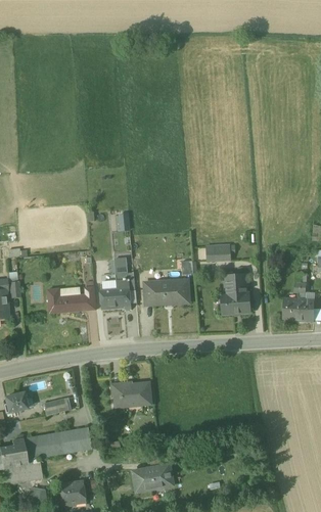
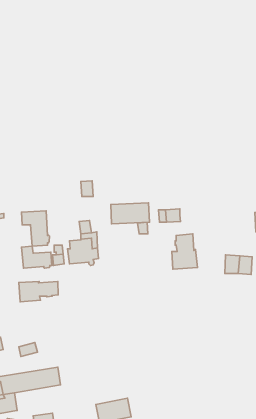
building: none -> [22,211,50,246]
building: [144,279,189,304] -> [111,203,150,224]
building: none -> [19,281,58,302]
building: [111,381,151,407] -> none

